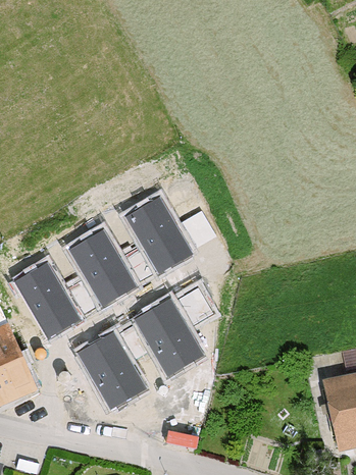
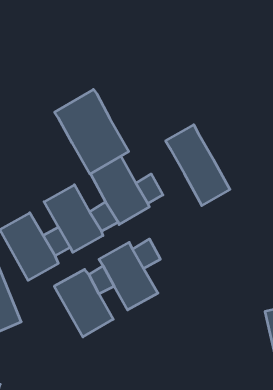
building: none -> [55,89,129,174]
building: none -> [166,125,230,206]

